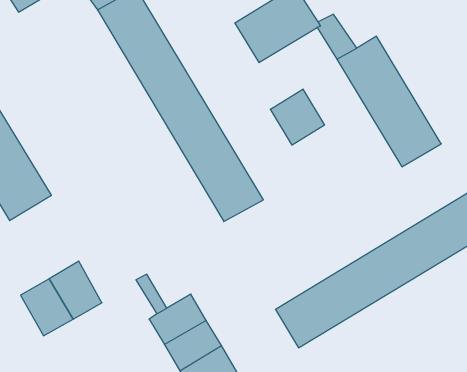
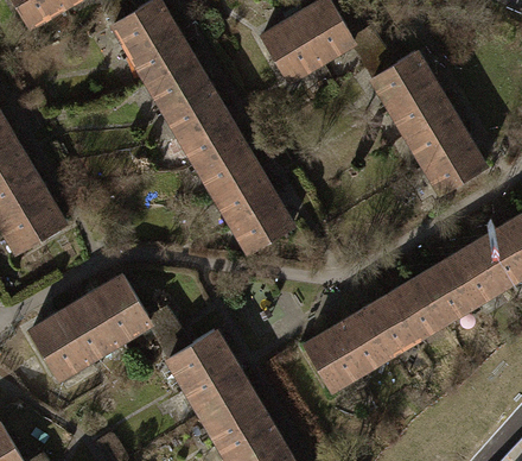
building: [270,89,325,145] -> none
building: none -> [93,278,149,341]

